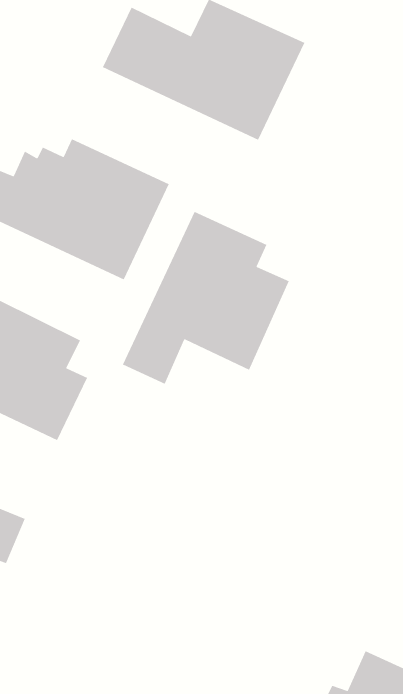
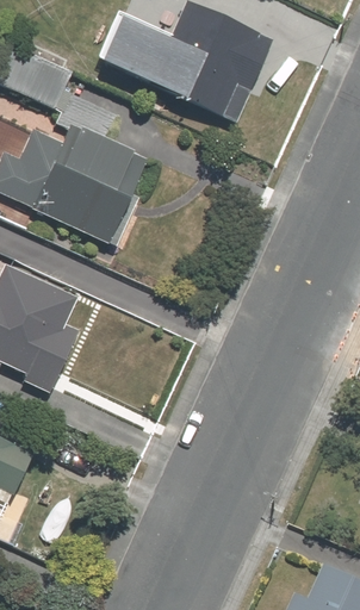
building: [122,211,290,385] -> none

